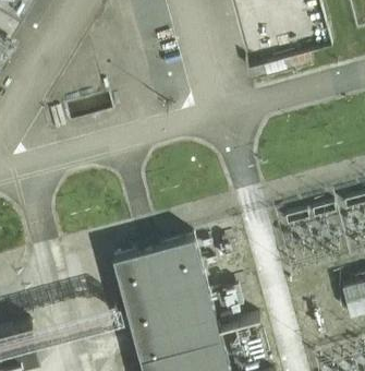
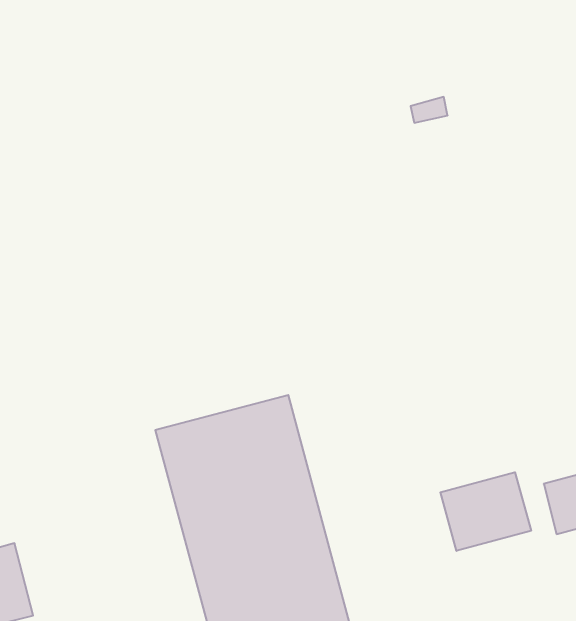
building: none -> [440,472,531,551]

